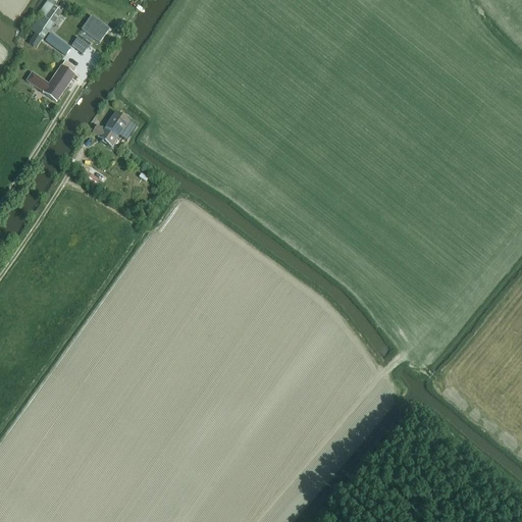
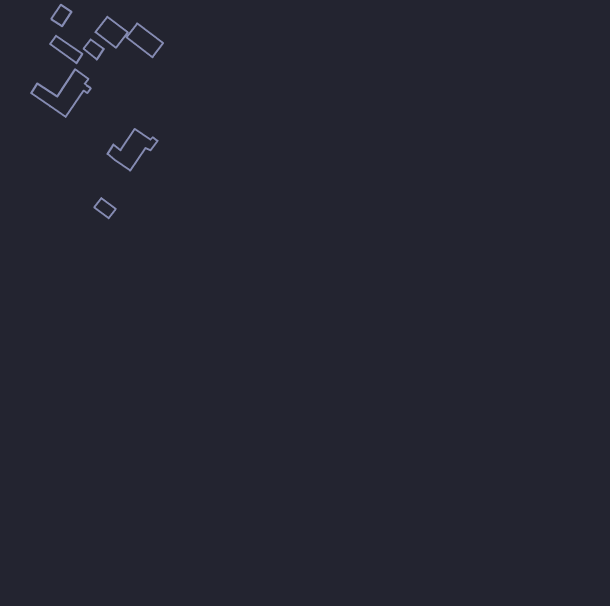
building: none -> [127,23,163,57]

